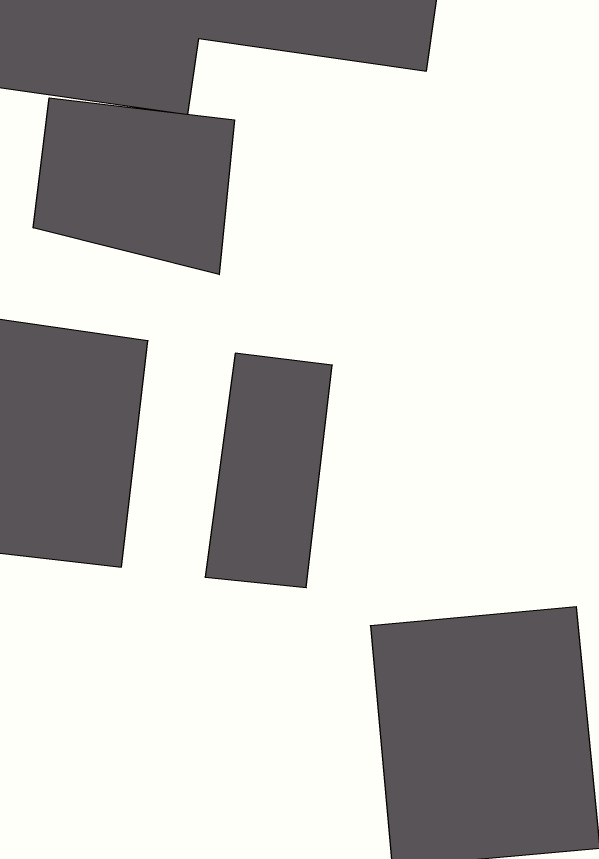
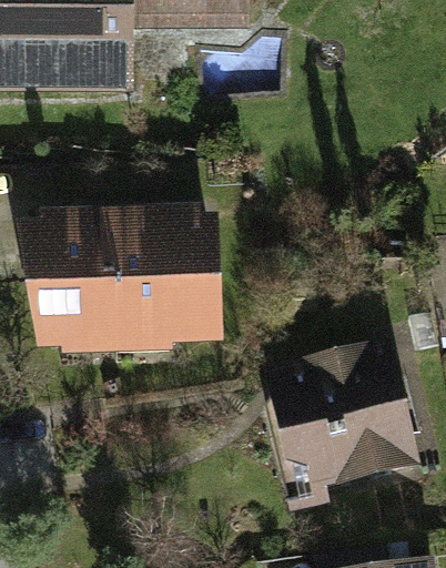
building: [33,98,234,275] -> none
building: none -> [114,234,166,366]

